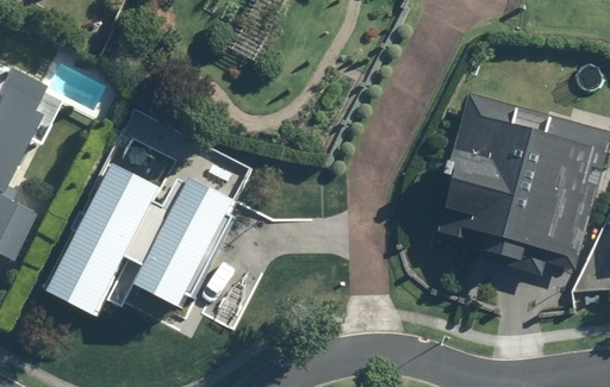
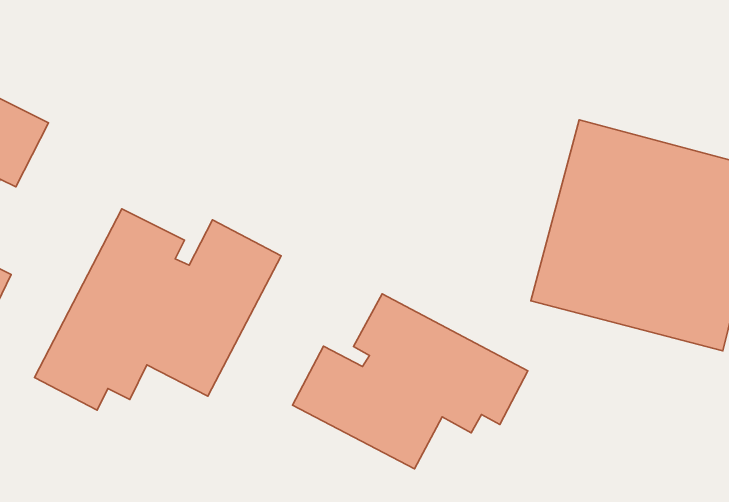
building: none -> [293,294,528,469]

